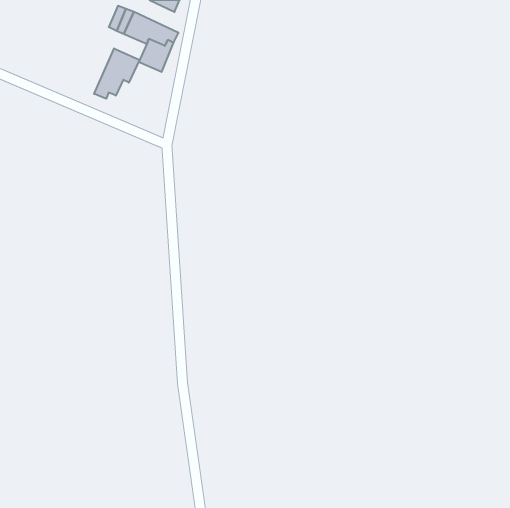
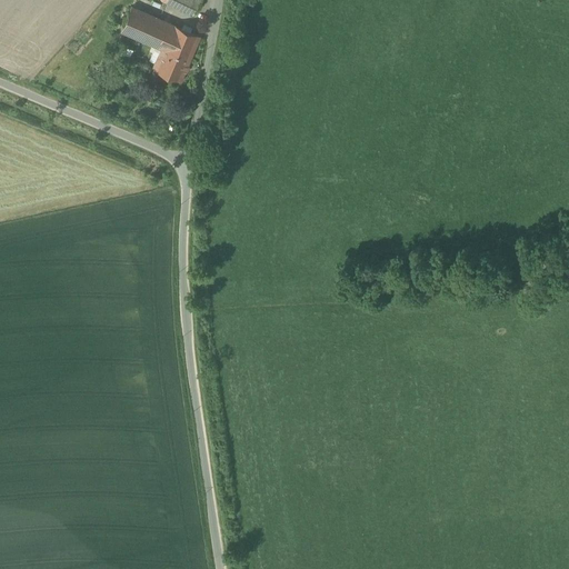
building: [94,48,140,99] -> none

